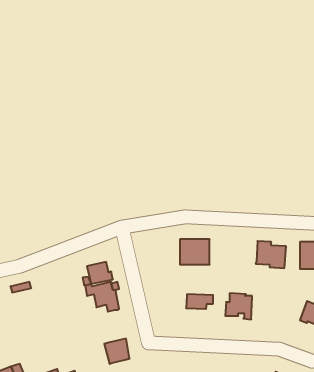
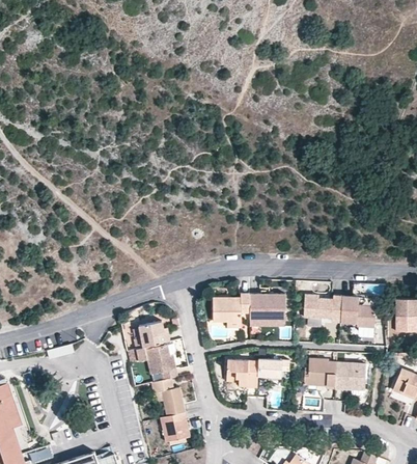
building: none -> [213,293,250,322]
building: none -> [304,296,342,320]
building: none -> [226,359,258,387]
building: none -> [335,362,366,389]
building: none -> [151,378,186,416]

